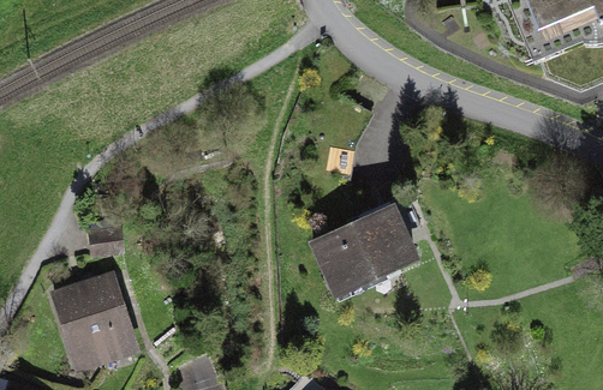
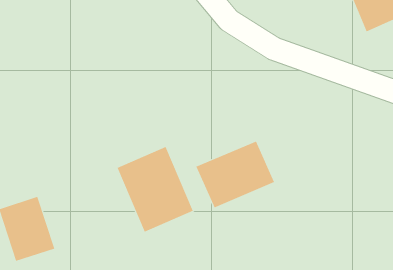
building: none -> [117,146,193,232]

